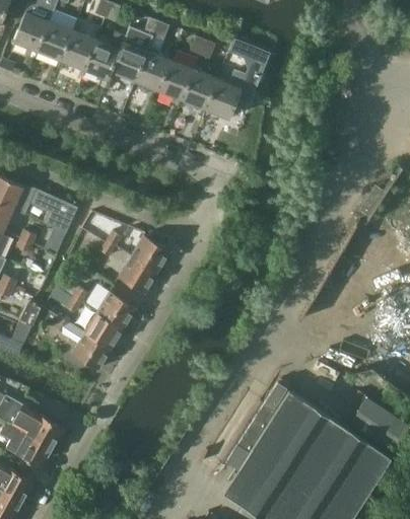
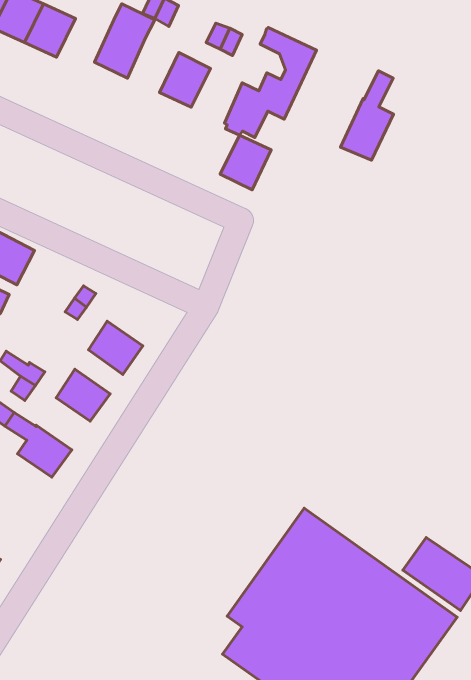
building: [83,33,124,79] -> none
building: [135,52,170,90] -> none
building: none -> [341,71,394,160]
building: [182,71,217,109] -> [220,135,271,190]
building: [130,235,168,272] -> none
building: [83,312,122,349] -> none

